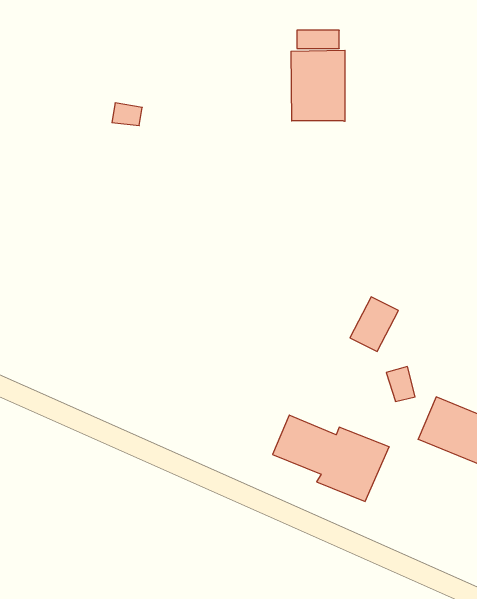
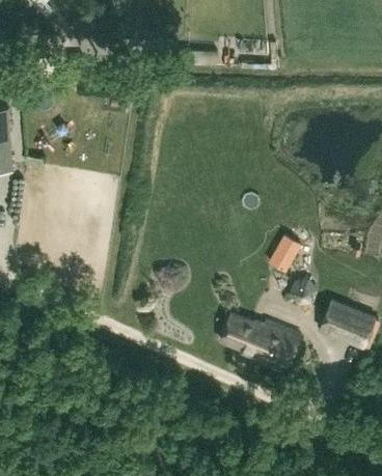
building: [291,50,345,121] -> none

